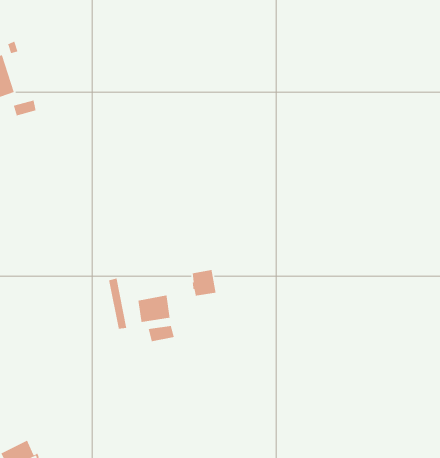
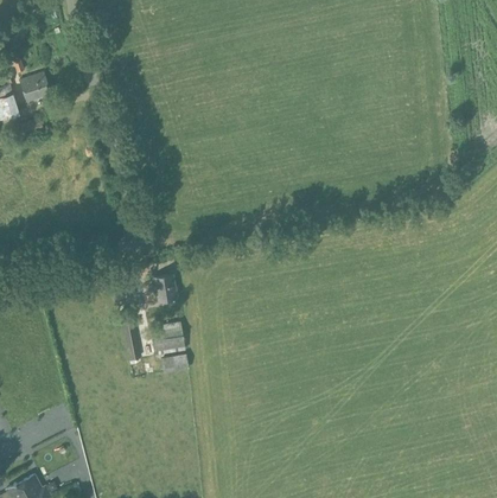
building: none -> [20,72,52,102]
building: [192,269,217,296] -> [153,274,179,302]

